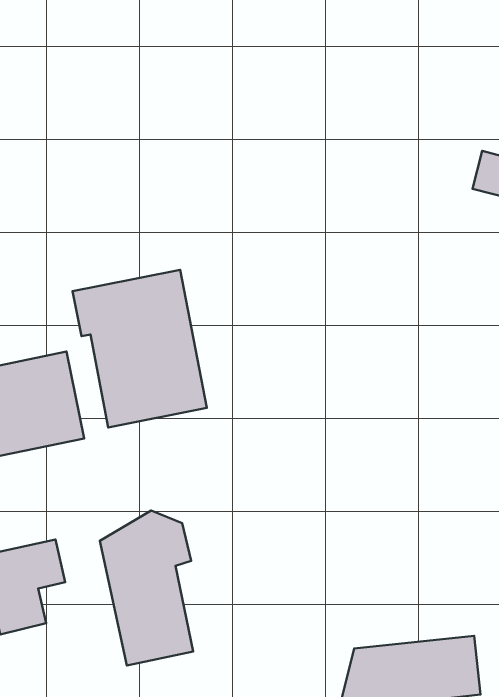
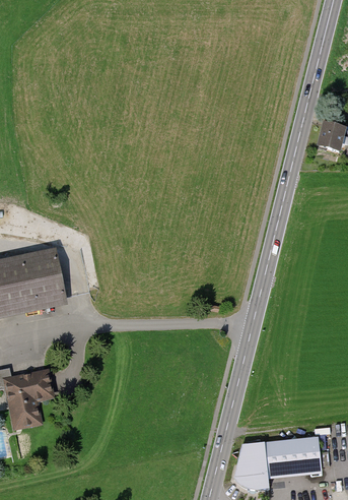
building: [73,270,207,428] -> none
building: [100,510,193,666] -> none

